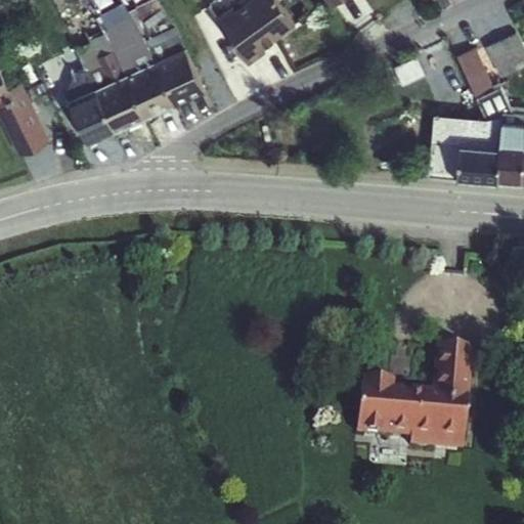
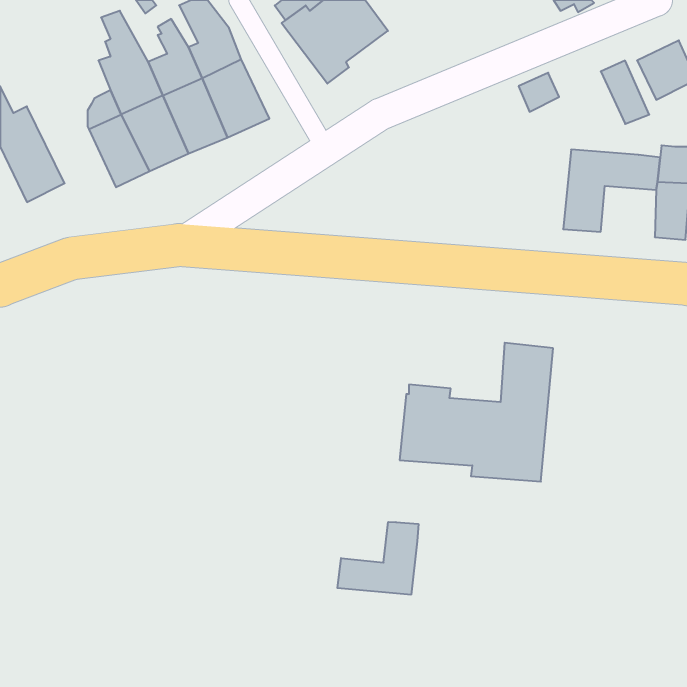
building: [457,142,499,181] -> none
building: [355,347,472,452] -> [400,343,553,482]
building: none -> [337,522,418,595]

